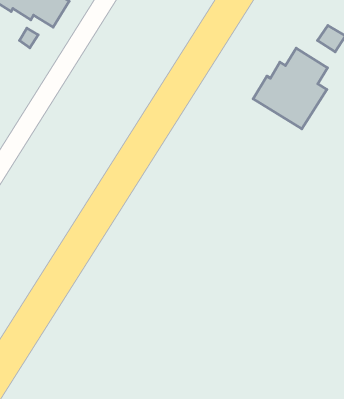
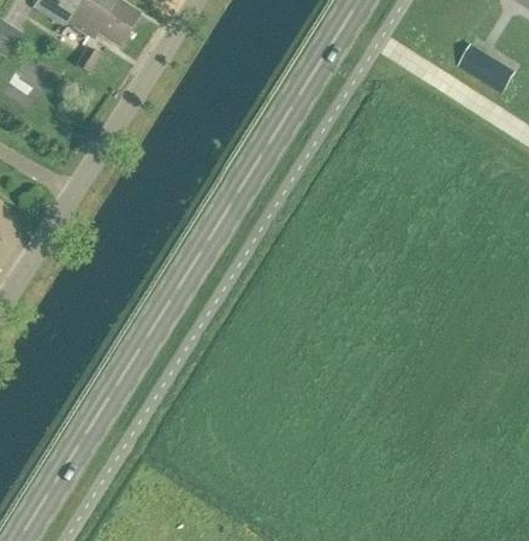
building: [253,48,327,129] -> none

